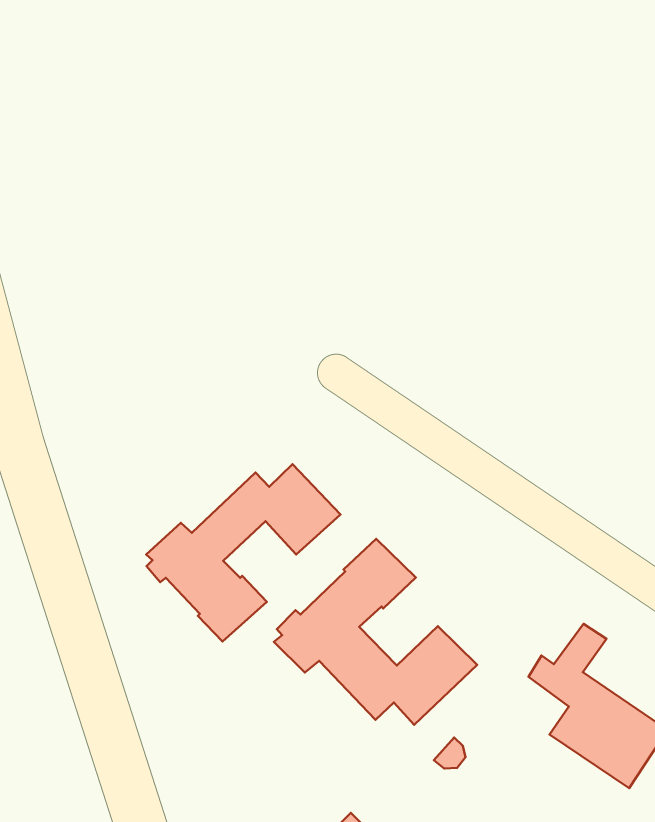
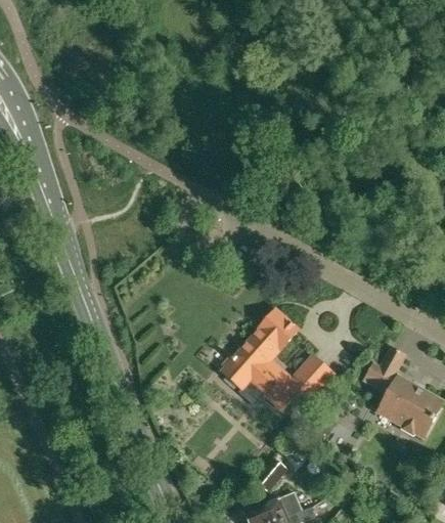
building: [146,464,340,642] -> none

